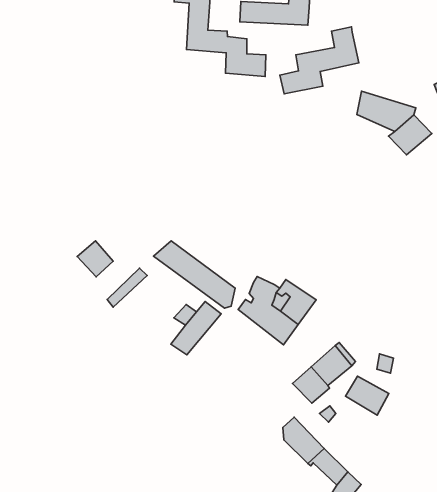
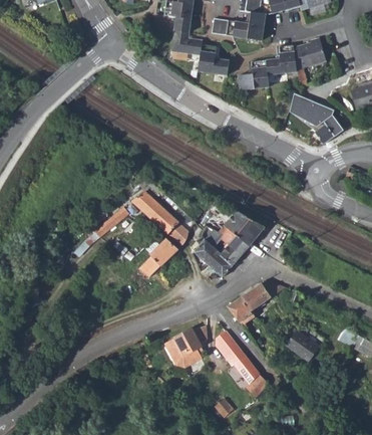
building: none -> [293,38,325,81]
building: [77,241,113,277] -> none
building: none -> [219,209,265,244]
building: [346,376,389,415] -> [287,331,319,361]
building: none -> [164,325,207,367]

